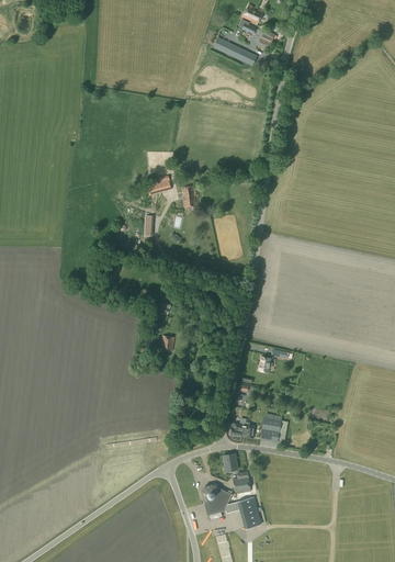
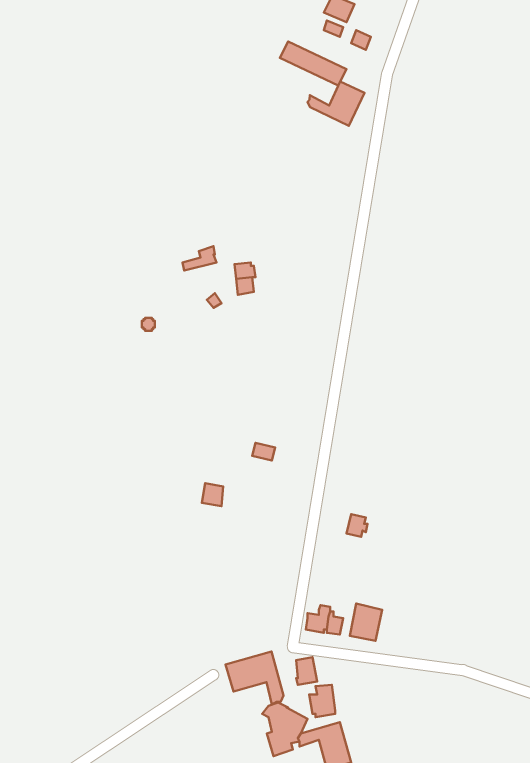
building: none -> [307,82,364,126]
building: none -> [225,651,283,705]

